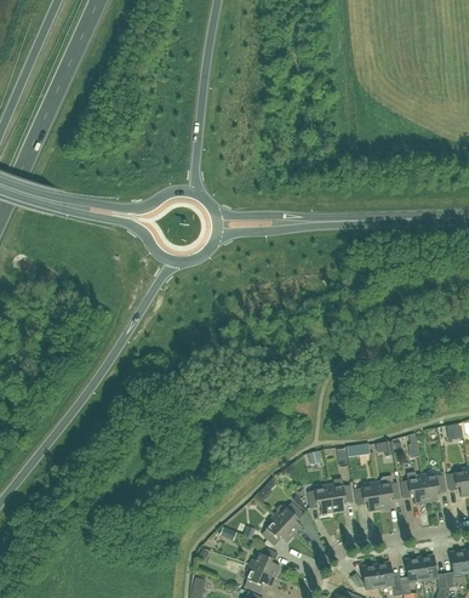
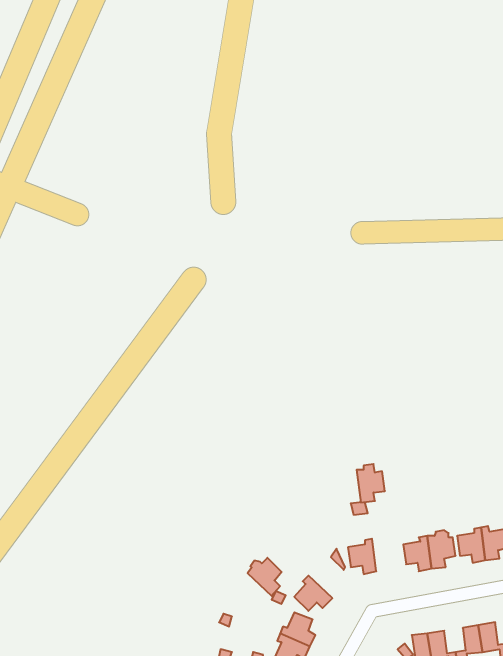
building: [328,479,353,512] -> [357,464,385,502]
building: [274,502,303,535] -> [248,558,282,596]

